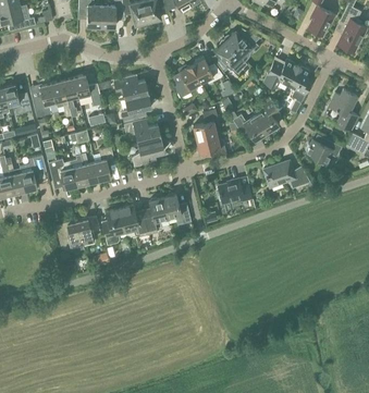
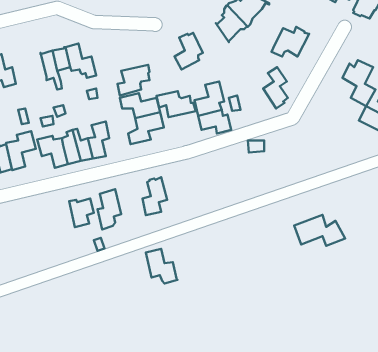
building: [192,57,223,84] -> none
building: [287,65,310,101] -> none
building: [114,75,150,99] -> [157,91,196,117]
building: [33,83,57,118] -> none
building: [233,114,268,139] -> none
building: [306,139,342,162] -> none
building: [263,160,310,188] -> [294,215,345,246]
building: [219,179,253,202] -> none
building: [162,194,192,224] -> none
building: [120,205,149,236] -> [146,249,178,283]
building: [56,219,83,246] -> none

